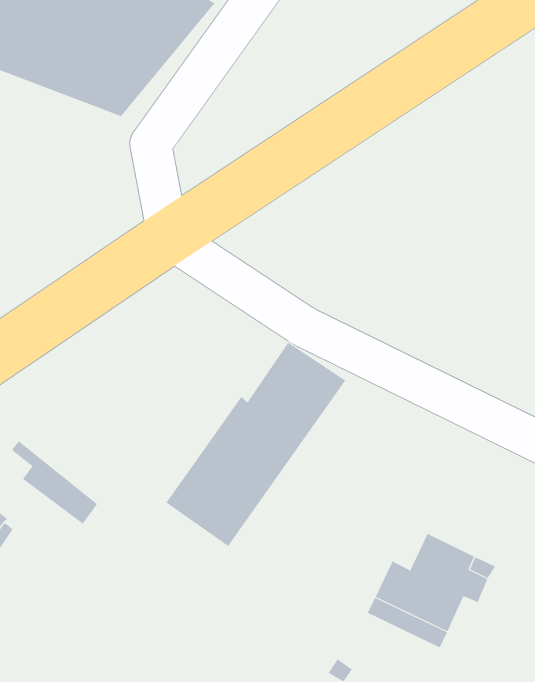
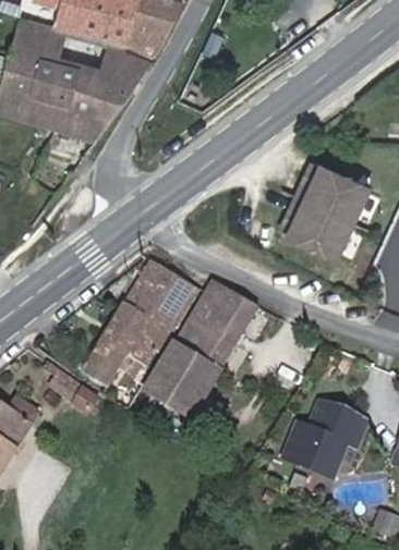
building: none -> [278,168,365,262]
building: none -> [83,259,197,407]

